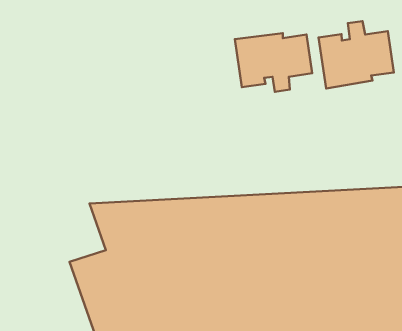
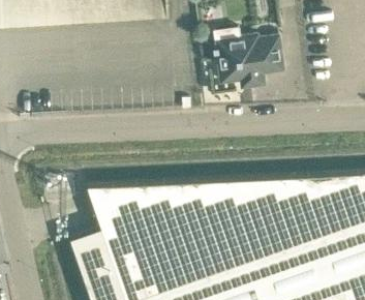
building: [319,21,394,88] -> none

